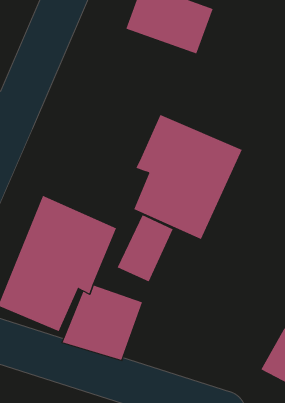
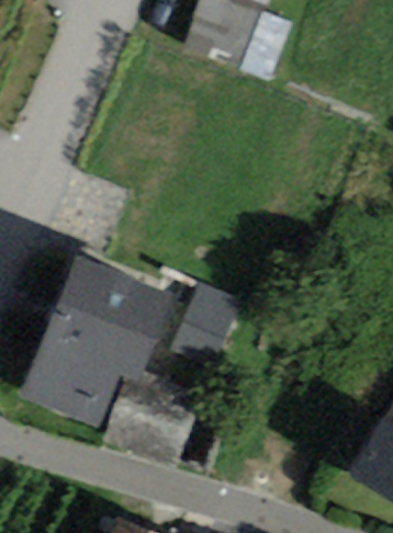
building: [133,114,243,240] -> none

